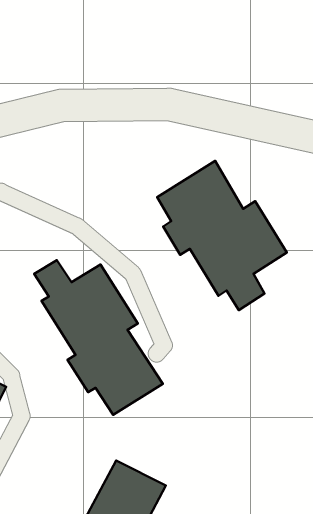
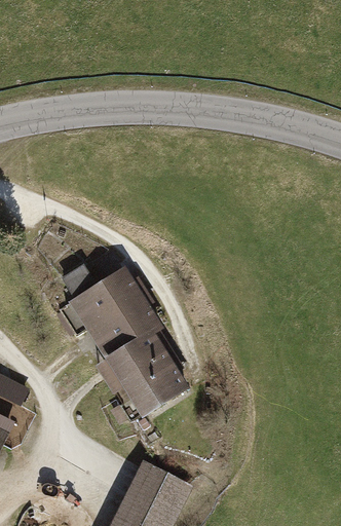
building: [157,161,287,310] -> none

